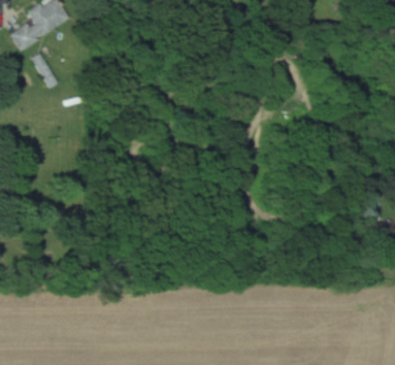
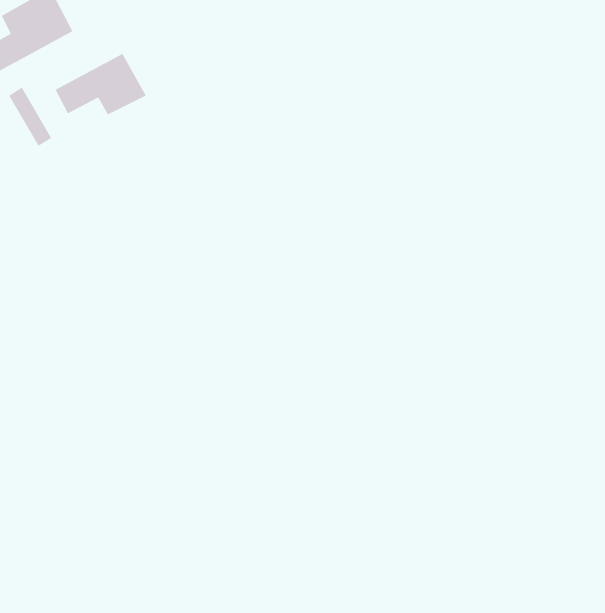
building: none -> [55,53,147,115]

